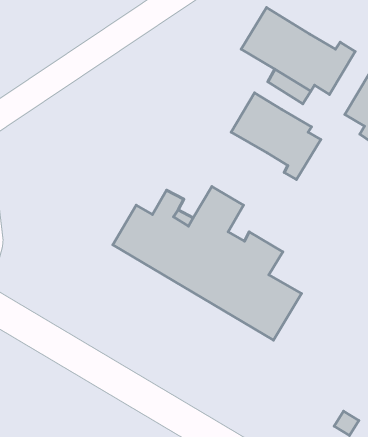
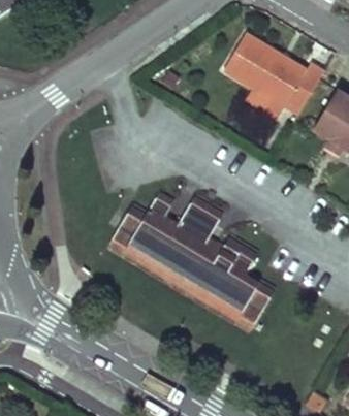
building: [231,93,321,180] -> none

